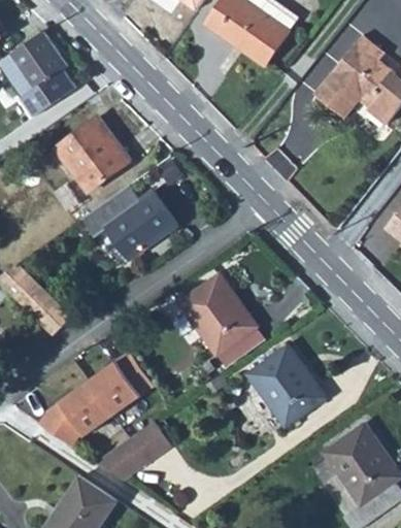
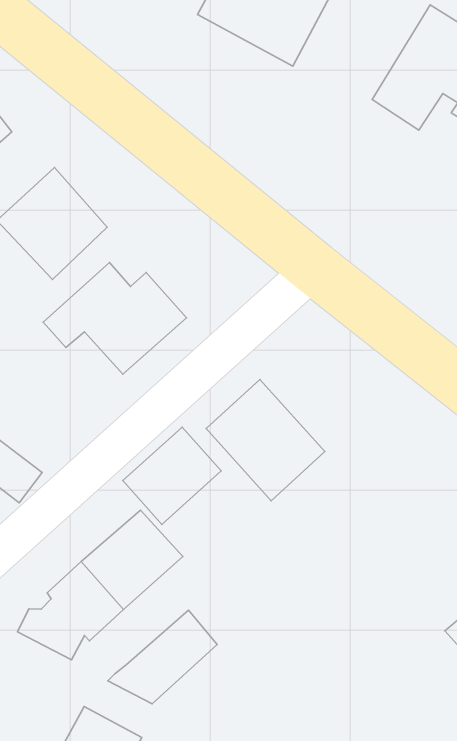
building: none -> [123,427,221,524]
building: [248,346,325,426] -> none

